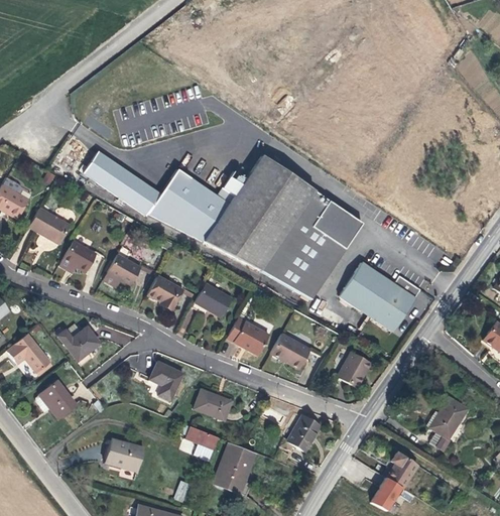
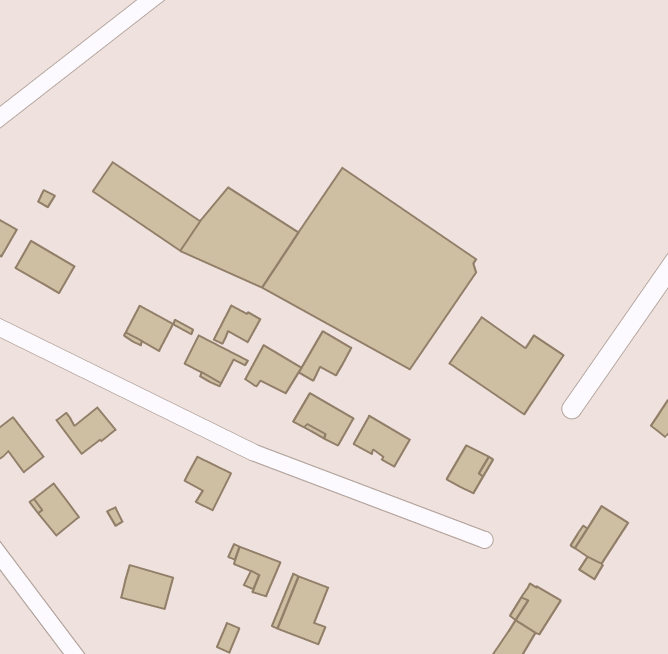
building: [58,244,95,276] -> none
building: none -> [214,305,260,344]
building: none -> [299,331,351,381]
building: [194,390,232,420] -> none
building: [287,415,321,452] -> none

